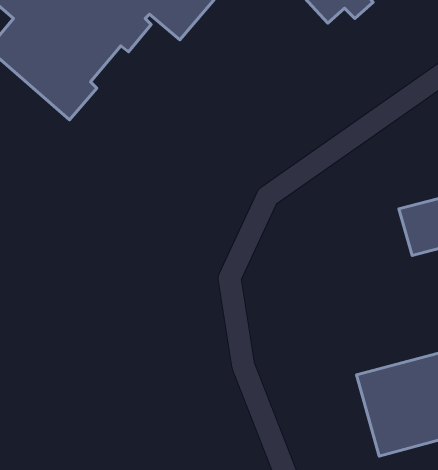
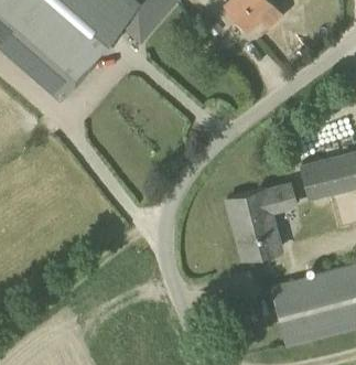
building: none -> [226,185,295,260]

